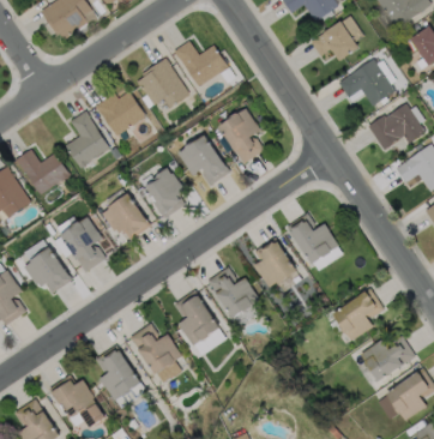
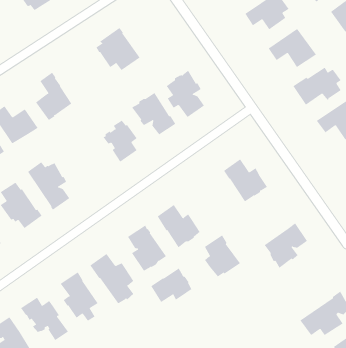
building: [173,41,228,86] -> none
building: [95,91,145,136] -> none
building: [101,191,151,241] -> none
building: [254,236,297,287] -> [204,235,241,277]
building: [360,335,416,381] -> none
building: none -> [150,267,192,303]

